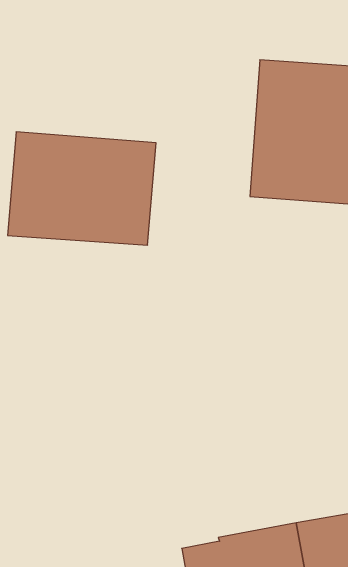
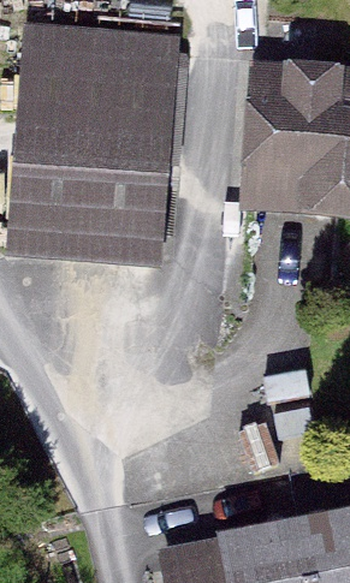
building: none -> [19,38,166,151]

